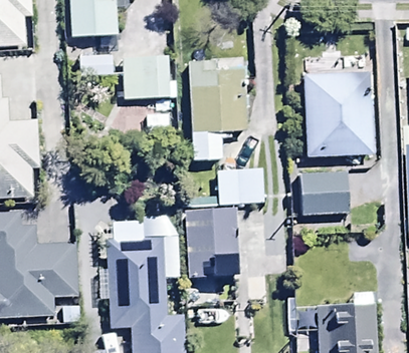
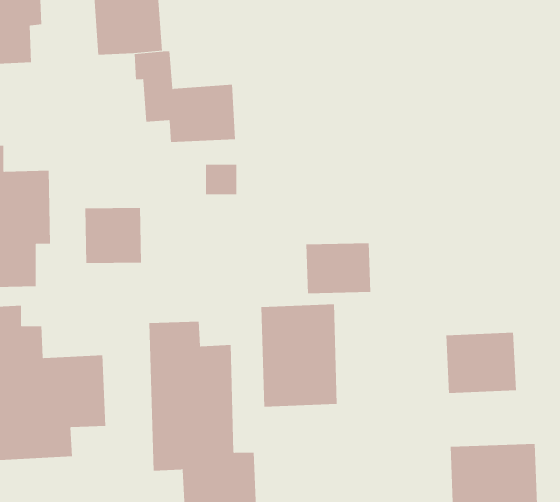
building: [188,56,248,159] -> none
building: [303,70,375,155] -> none
building: none -> [85,207,141,264]
building: [298,171,348,214] -> [445,332,517,393]

